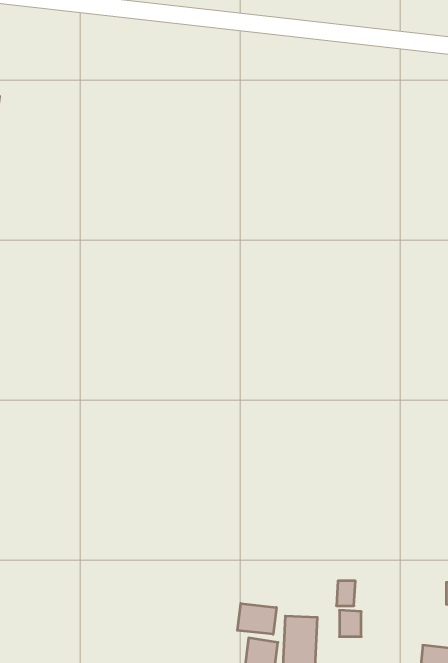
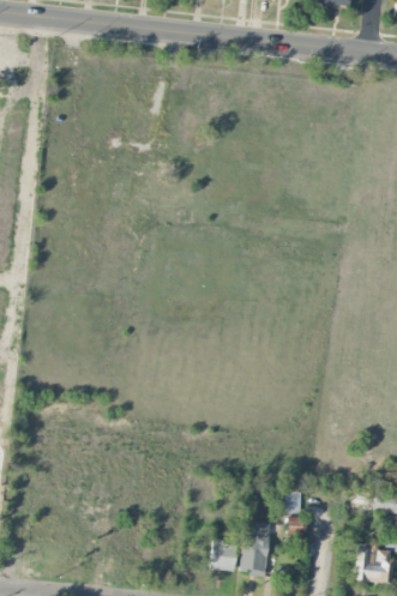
building: [237,603,276,634] -> none

